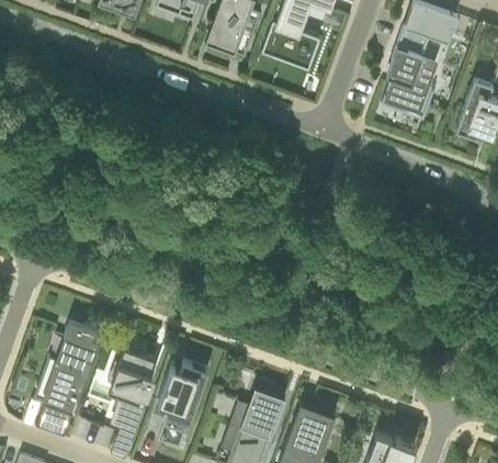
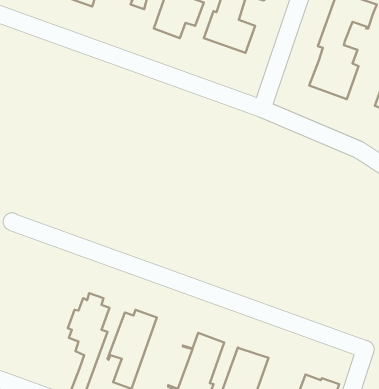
building: [37,320,100,436] -> none

